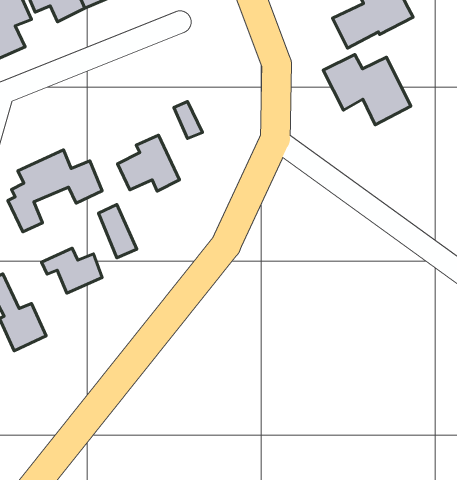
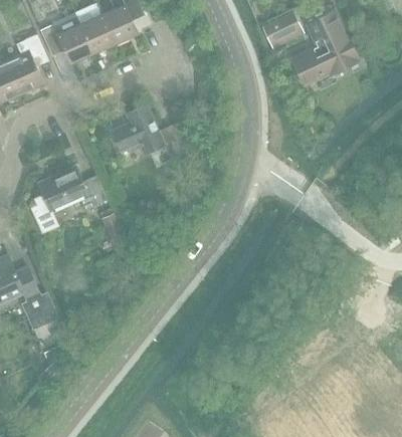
building: [323,54,411,125] -> none
building: [117,135,179,191] -> [111,106,161,152]
building: [42,248,102,293] -> none

